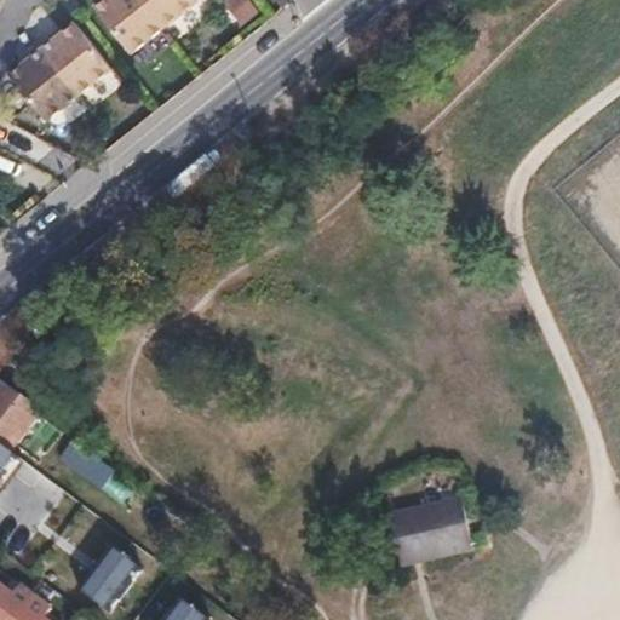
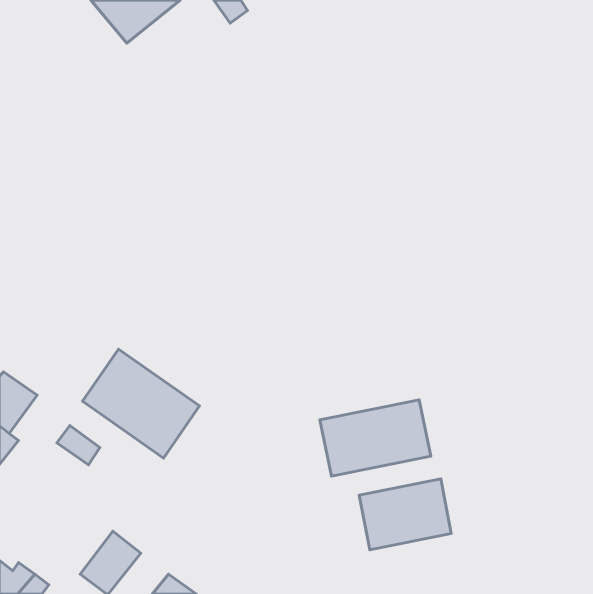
building: [10,15,111,111] -> none
building: none -> [83,349,199,458]
building: none -> [320,400,431,476]

